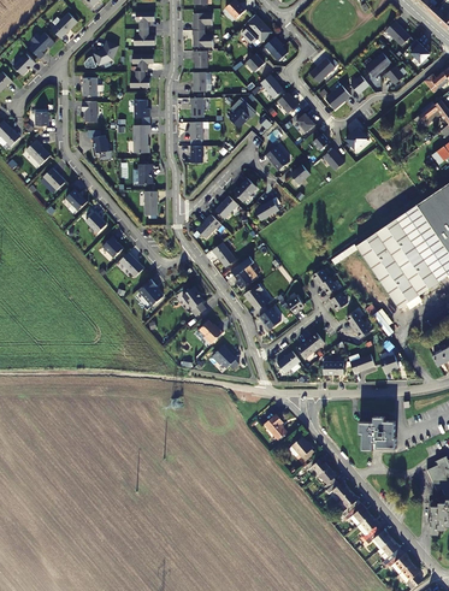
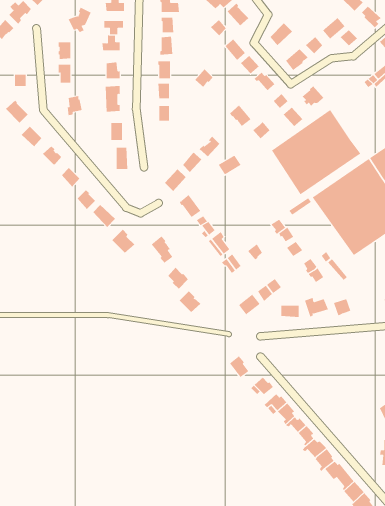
building: none -> [271,109,361,195]
building: [355,416,390,449] -> none

